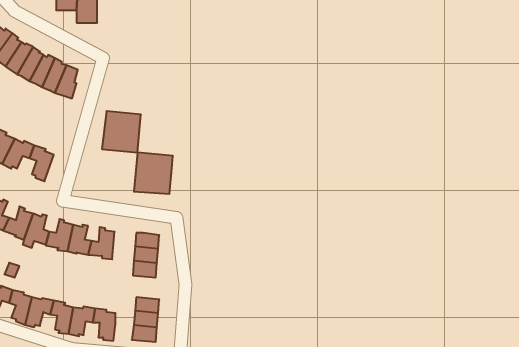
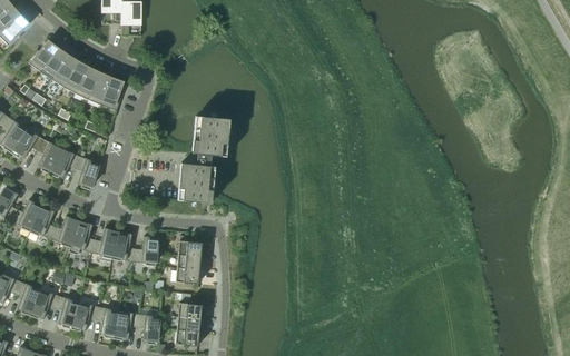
building: [102,111,141,152] -> [191,116,229,156]

